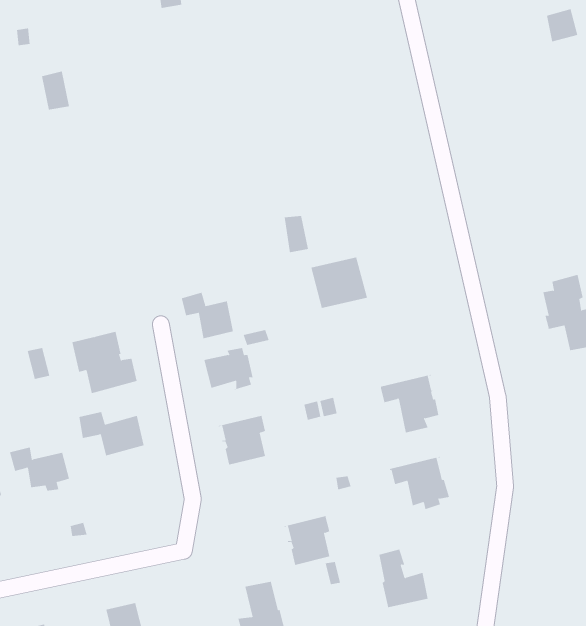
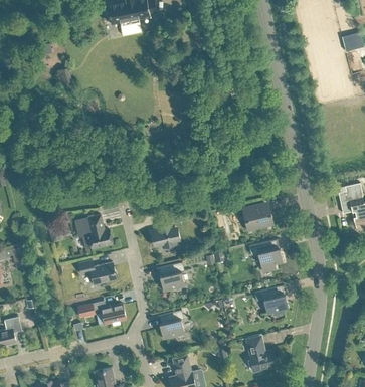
building: [311,257,368,308] -> [241,202,273,231]
building: [181,292,233,339] -> none
building: [9,447,70,491] -> [92,301,126,326]
building: [284,516,330,566] -> [157,310,183,338]

